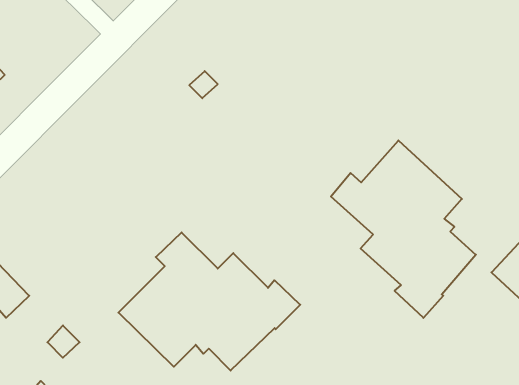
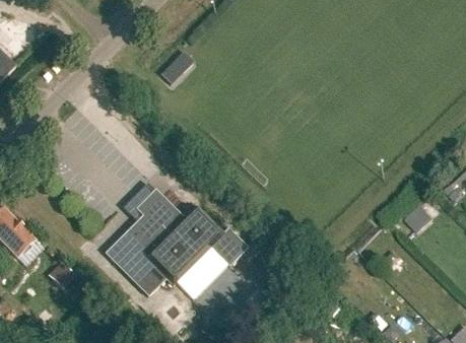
building: [331,140,476,318] -> none

